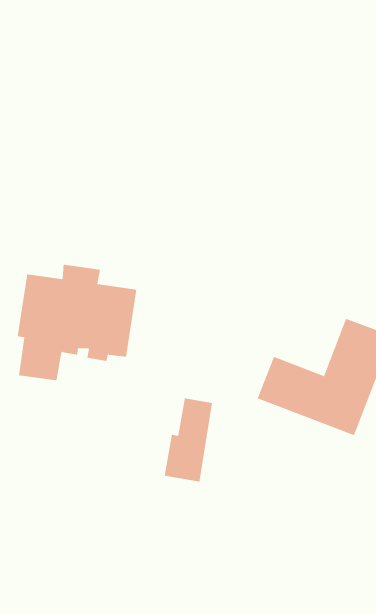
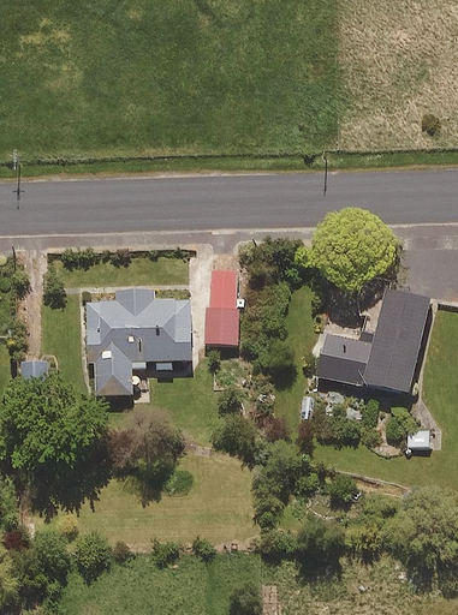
building: [164,398,213,482] -> [204,269,238,342]

